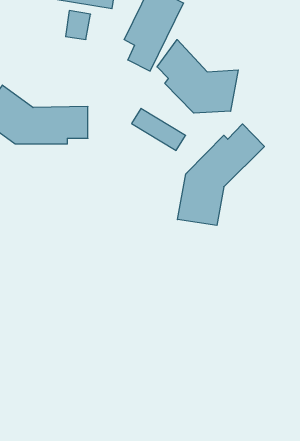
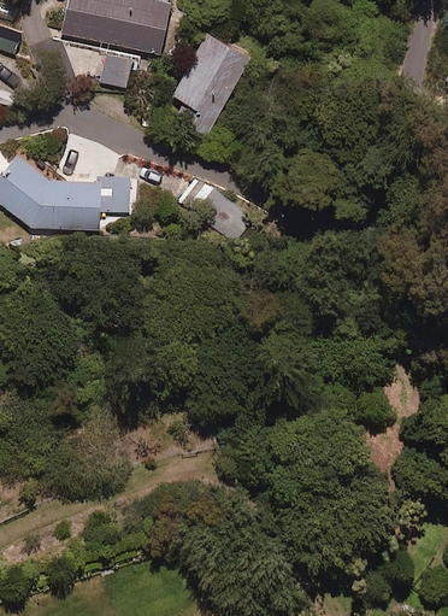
building: [157,40,238,113] -> none
building: [177,124,264,225] -> none

